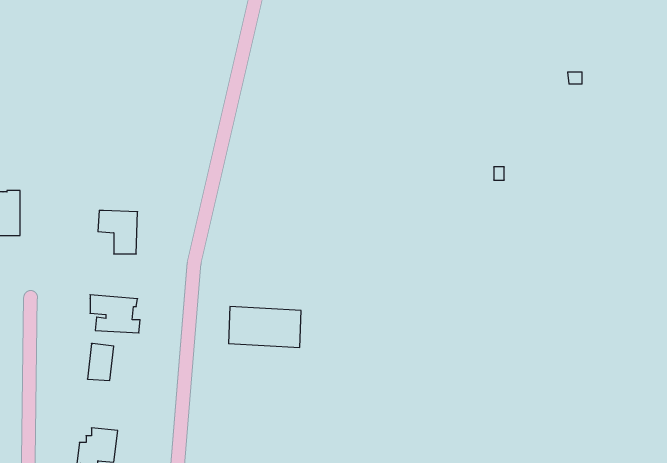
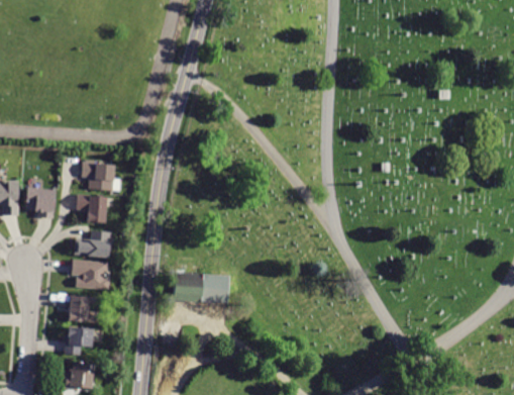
building: none -> [82,163,115,193]
building: none -> [25,186,55,217]
building: none -> [73,230,111,261]
building: none -> [64,325,93,354]

